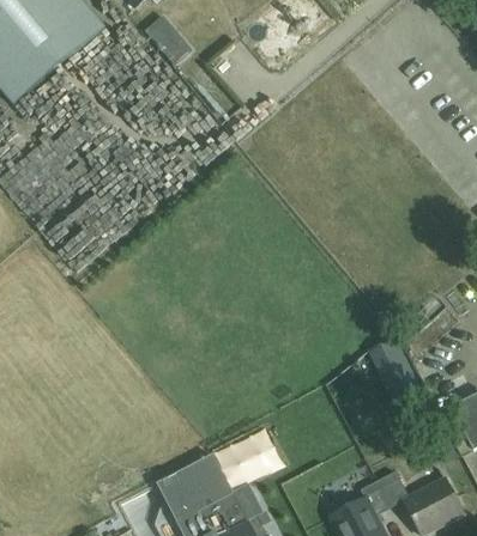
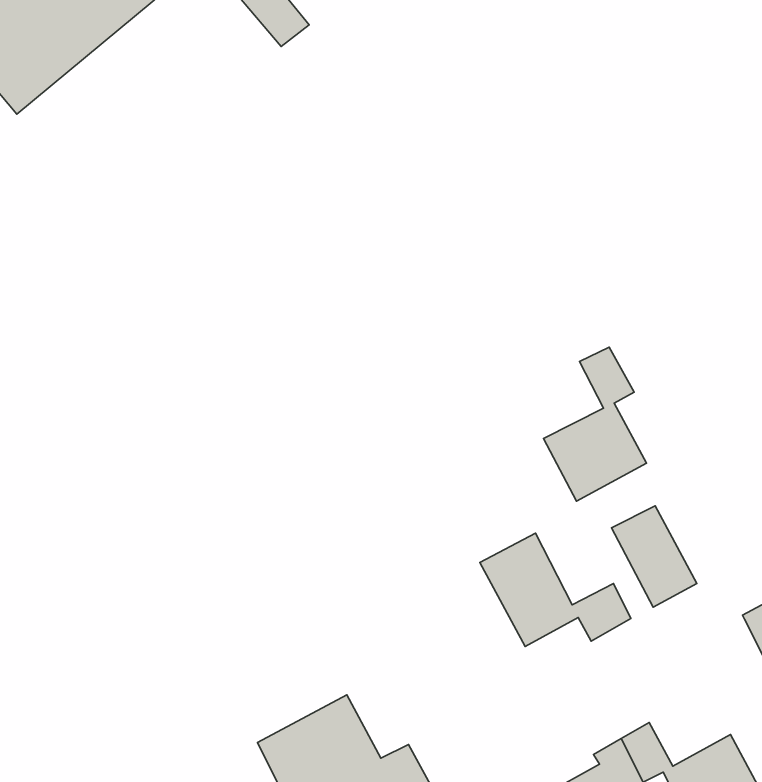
building: none -> [544,347,647,501]
building: none -> [480,533,631,646]

